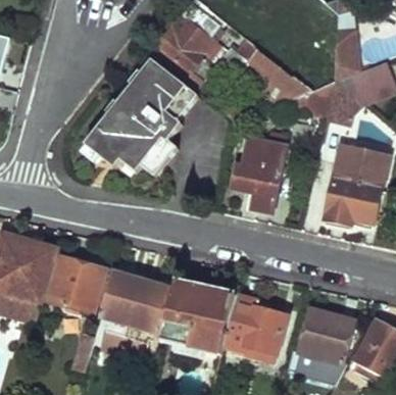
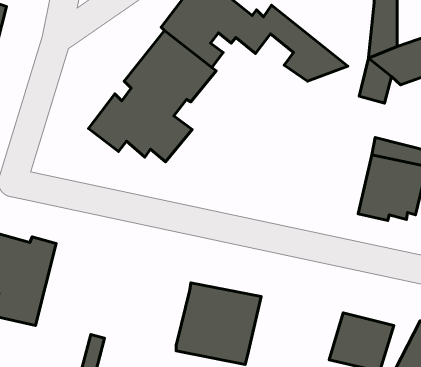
building: [231,138,286,208] -> none
building: [47,257,105,311] -> none
building: [99,268,172,352] -> none
building: [224,294,284,351] -> none

